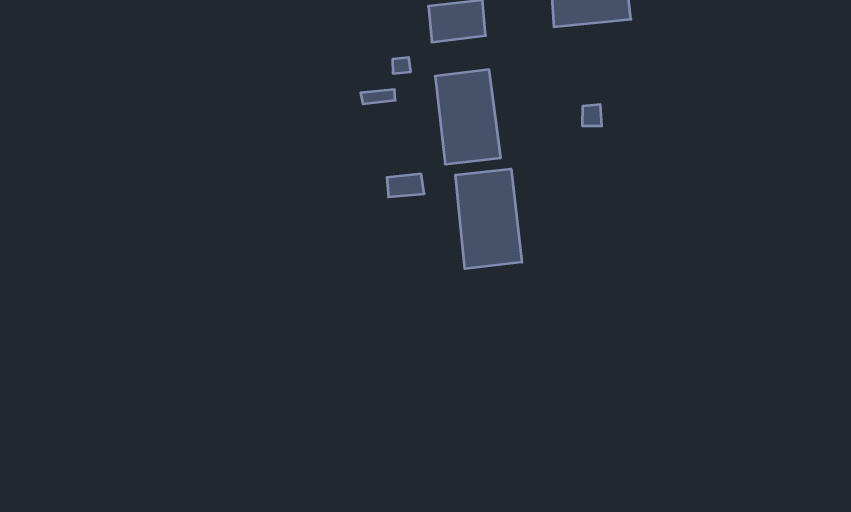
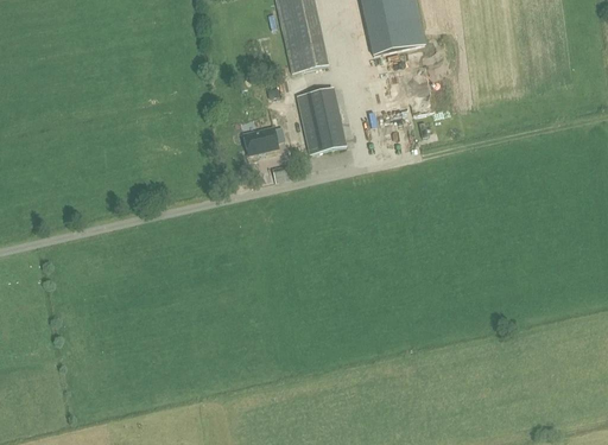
building: none -> [243,126,278,152]
building: [456,169,522,269] -> none

